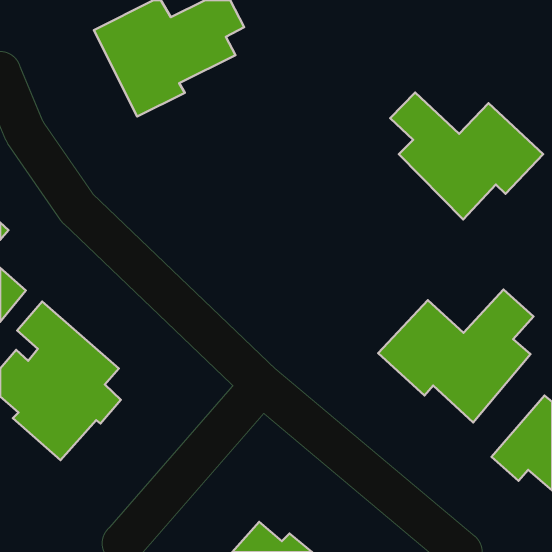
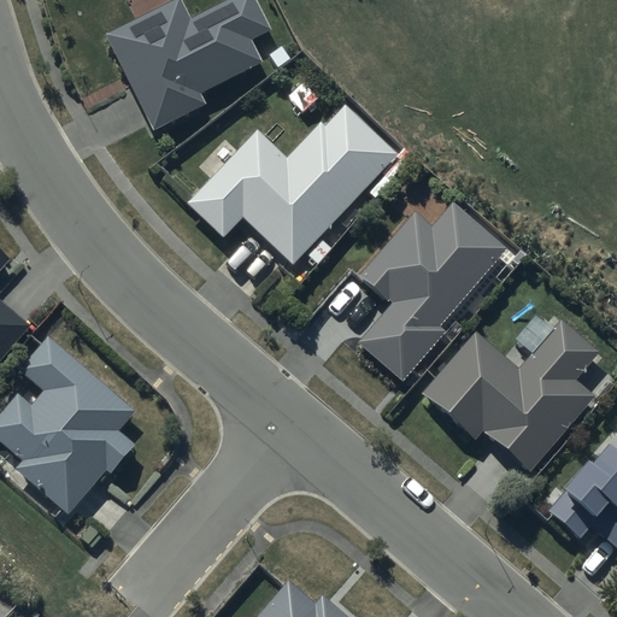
building: [390,92,543,220] -> none
building: none -> [188,104,398,263]
building: none -> [357,202,506,382]

